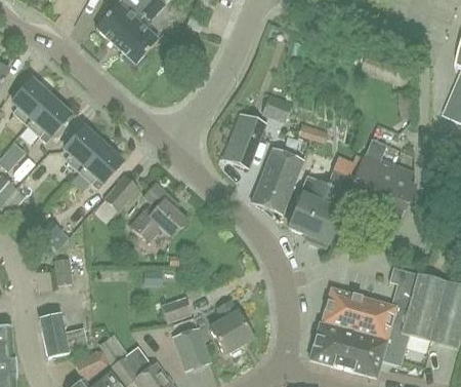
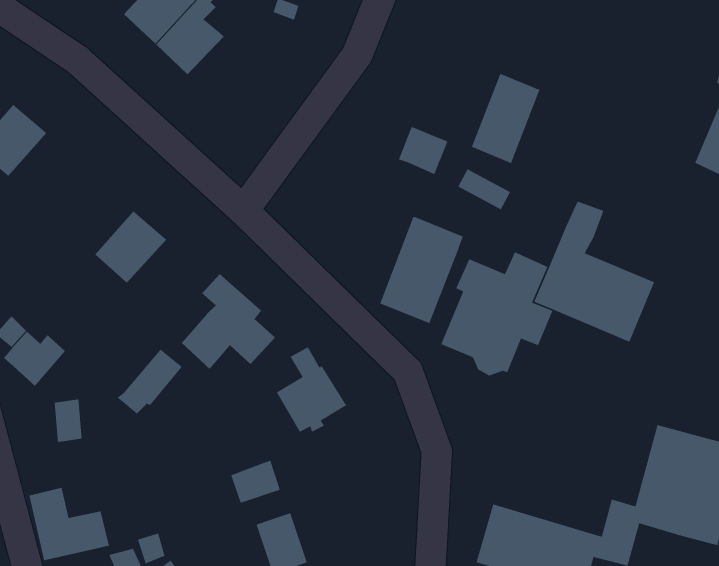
building: [27,96,71,141] -> none
building: [223,111,265,166] -> [471,73,540,164]
building: [65,126,102,170] -> none
building: [98,175,138,215] -> [116,349,182,415]
building: [321,266,419,341] -> none
building: [210,299,253,351] -> [276,346,347,433]

